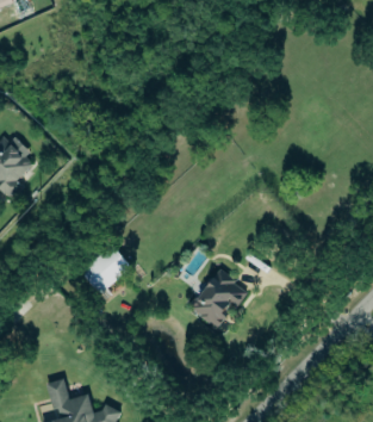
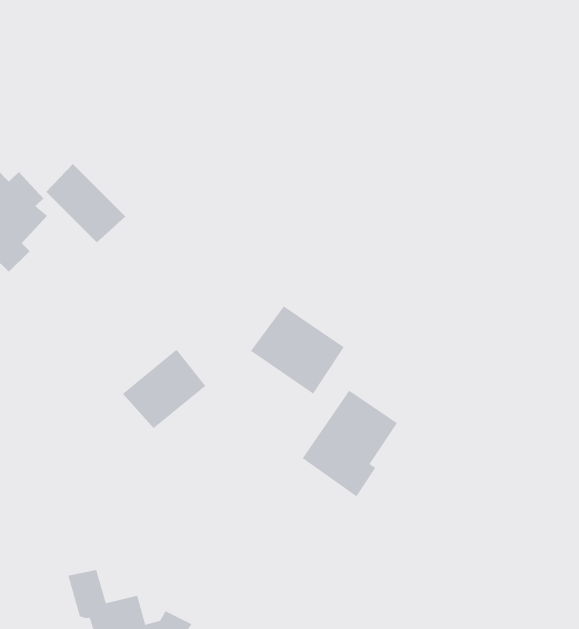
building: none -> [45,163,126,243]
building: none -> [250,306,345,394]

